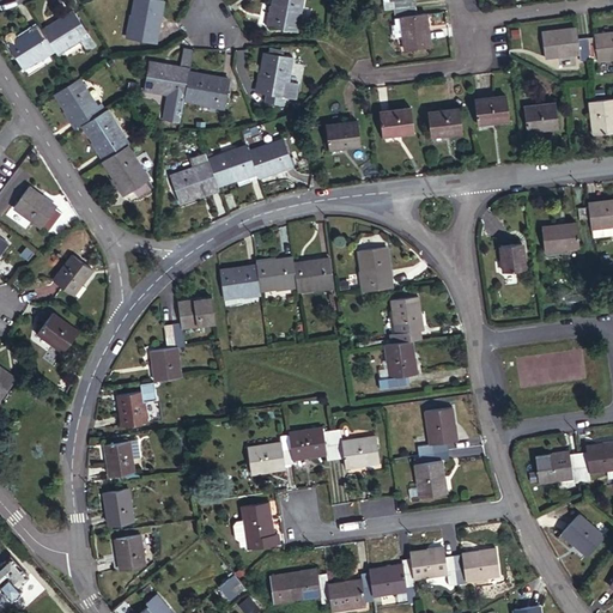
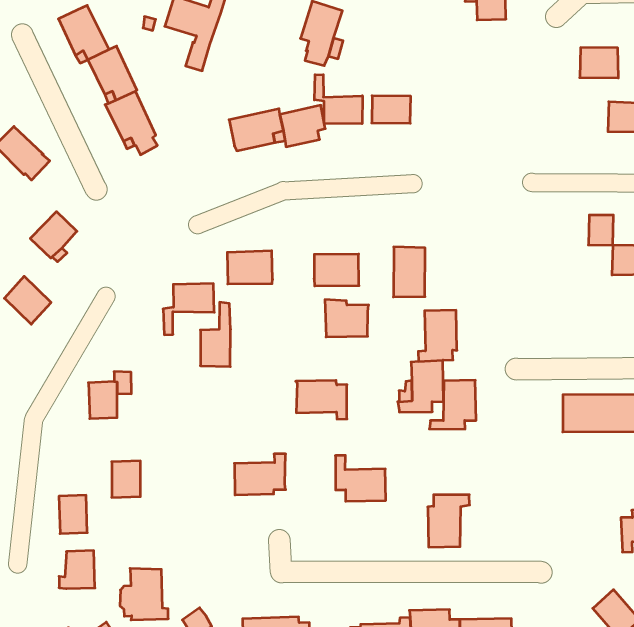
building: [184,72,230,105] -> none
building: [475,96,510,125] -> [580,48,618,78]
building: [380,108,414,136] -> none
building: [429,109,462,136] -> none
building: none -> [314,75,362,124]
building: [171,153,216,201] -> none
building: [502,244,524,272] -> [588,215,613,245]
building: [256,257,296,290] -> [325,300,369,337]
building: [151,326,180,381] -> [200,302,231,367]
building: [418,408,456,454] -> [429,380,476,429]
building: [289,429,335,461] -> [296,380,347,419]
building: [105,442,133,475] -> [112,461,140,497]
building: [536,453,582,484] -> none
building: [236,503,279,548] -> [120,568,168,620]

